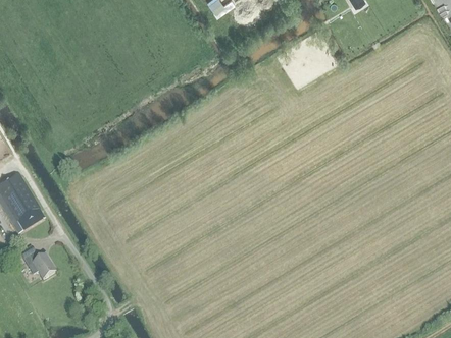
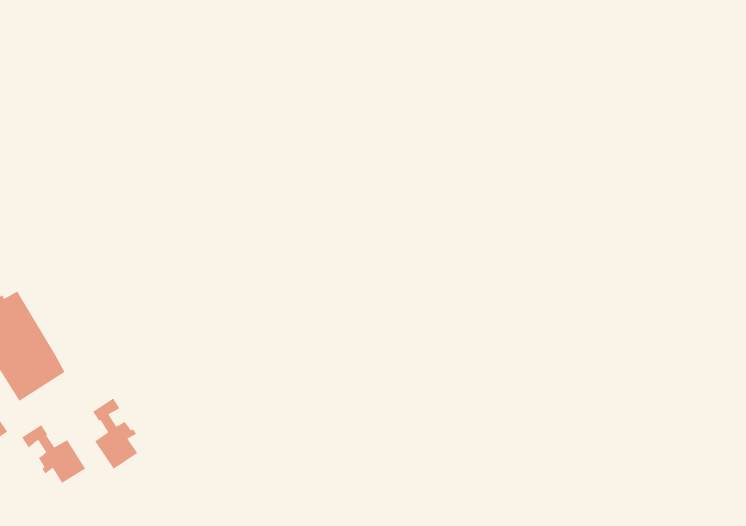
building: none -> [92,397,138,470]

